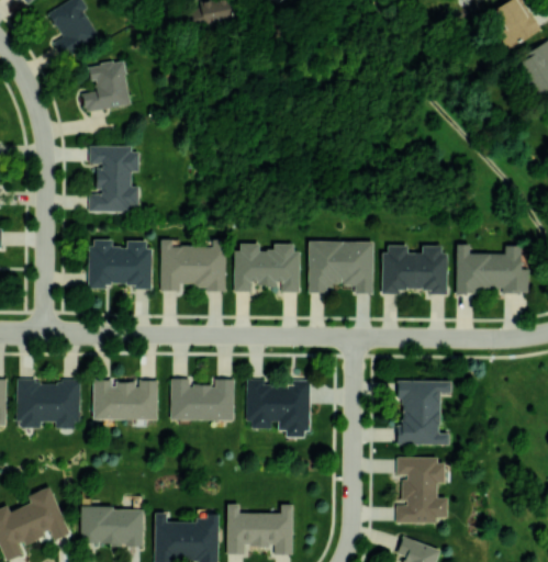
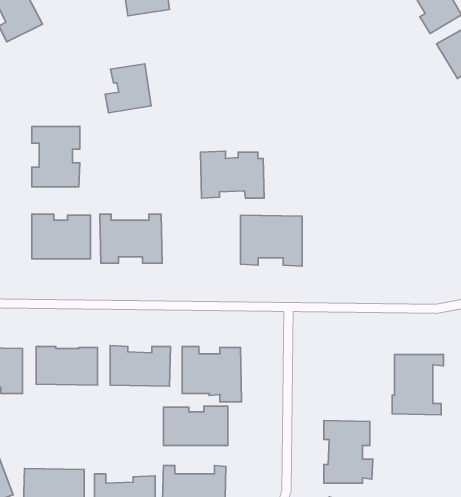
building: [82,60,131,112] -> [105,64,151,113]
building: [234,243,301,292] -> [201,151,264,198]
building: [456,244,529,292] -> none
building: [382,245,447,294] -> none
building: [398,381,451,445] -> [392,354,443,415]
building: none -> [164,406,228,446]

